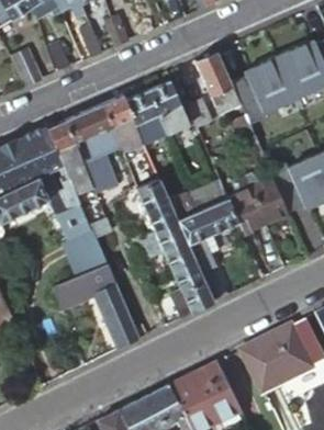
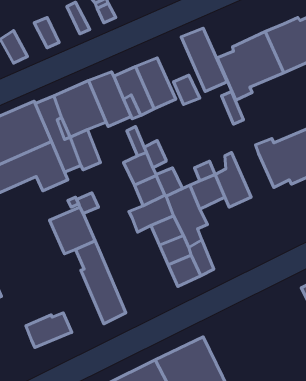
building: [245,174,288,222] -> none
building: [51,274,97,309] -> [26,313,72,348]
building: [241,321,311,389] -> none

